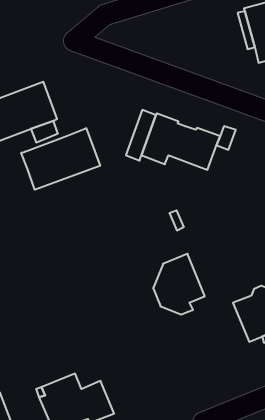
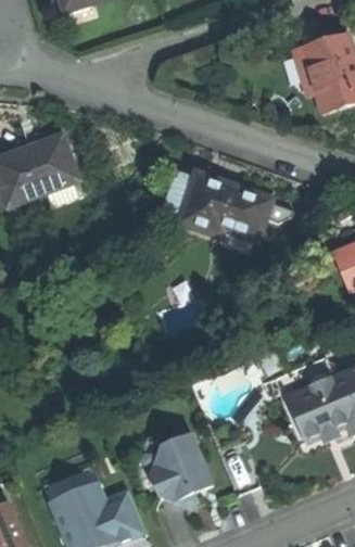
building: [21,128,100,190] -> none
building: [153,254,205,314] -> [150,434,212,507]

